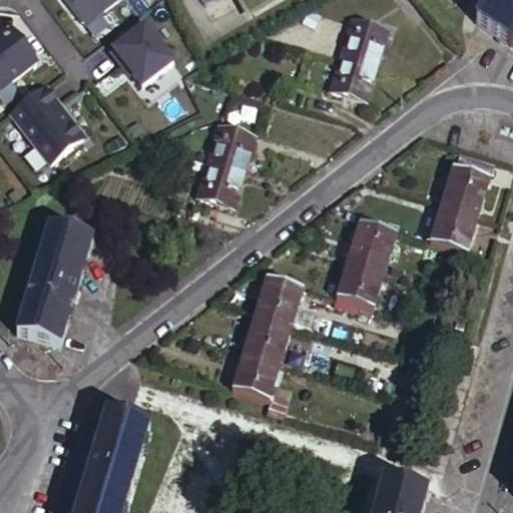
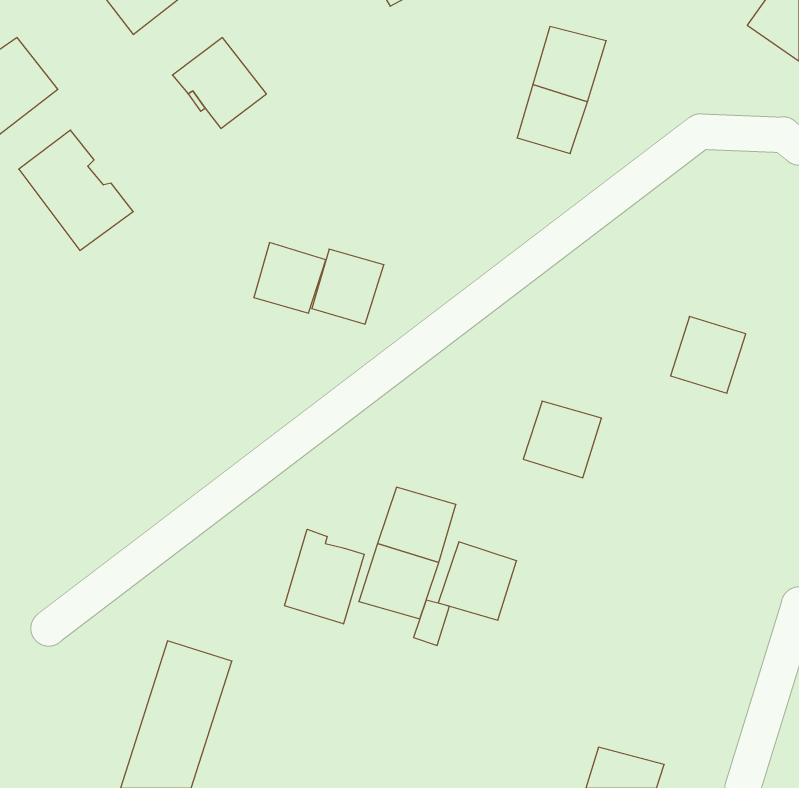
building: [210,124,256,169] -> [254,243,326,313]
building: [441,163,489,213] -> none
building: [347,218,397,268] -> none
building: [17,223,90,340] -> none
building: [253,273,304,323] -> [438,542,517,620]
building: none -> [285,529,364,624]

